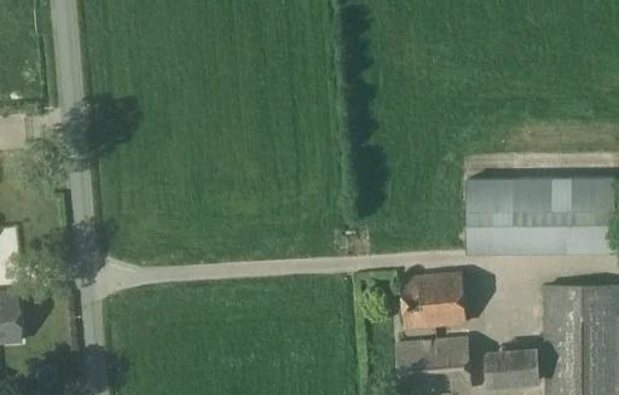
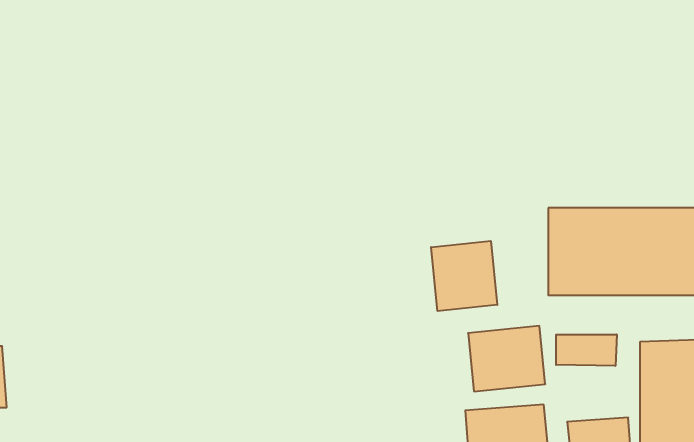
building: none -> [431,241,497,311]
building: none -> [556,334,617,366]

